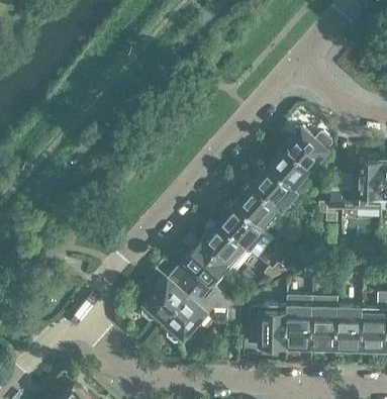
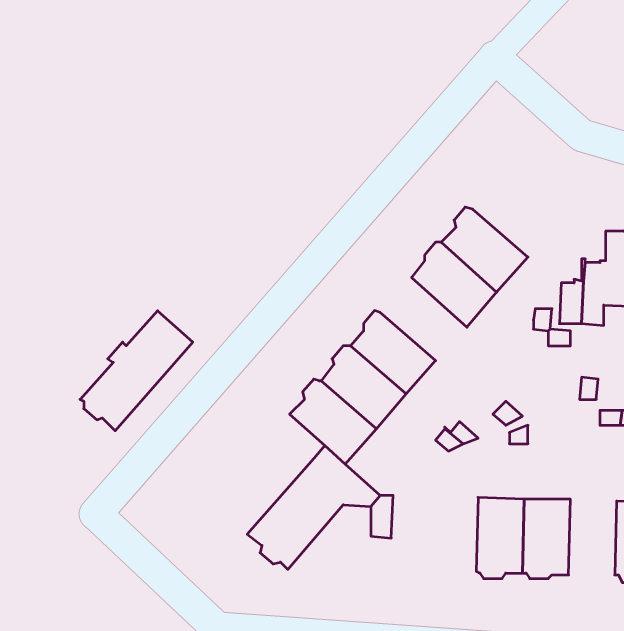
building: [284,126,332,174] -> none
building: [233,185,281,230] -> none
building: [141,260,203,325] -> [80,311,193,431]
building: [250,304,287,348] -> none
building: [336,306,363,351] -> none

